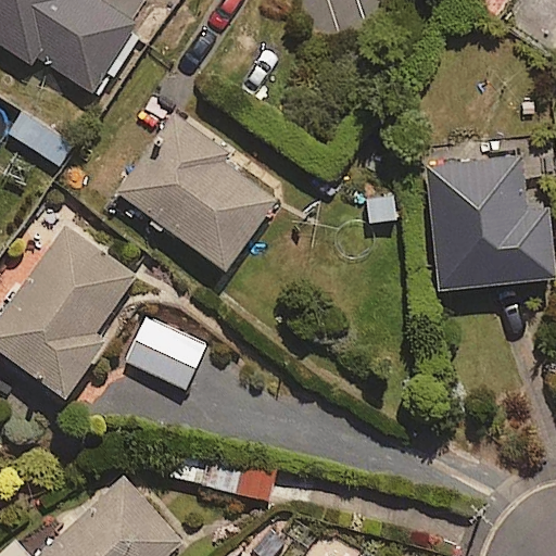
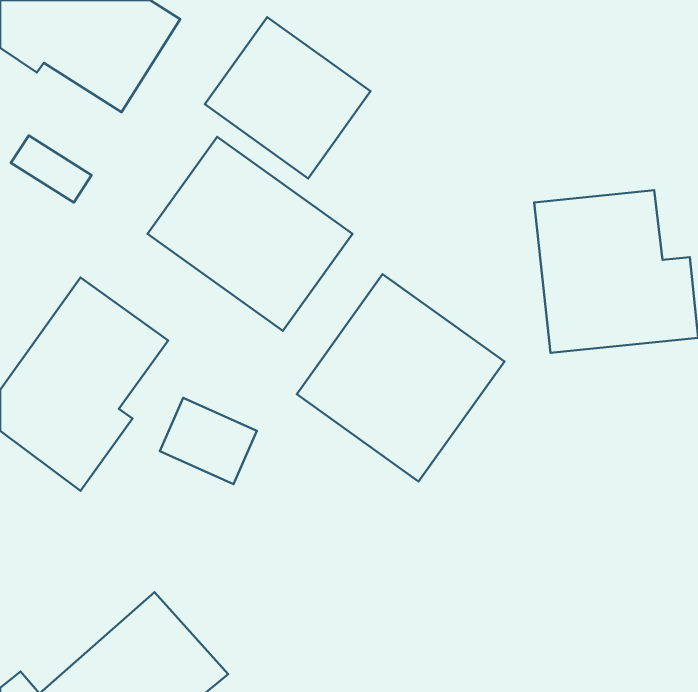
building: none -> [205,17,371,178]
building: none -> [297,274,504,481]

